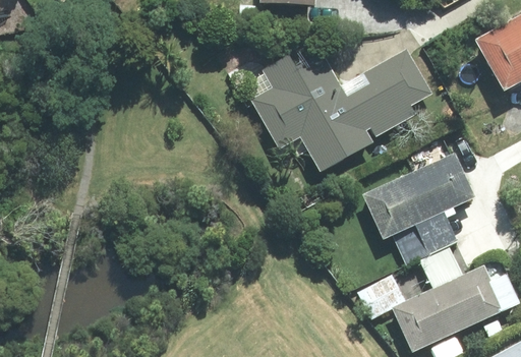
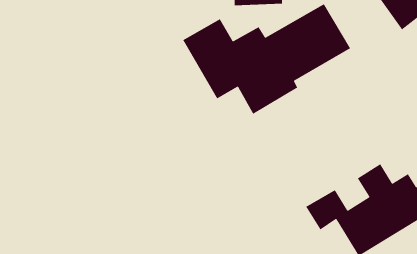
building: [360,152,477,263] -> none

